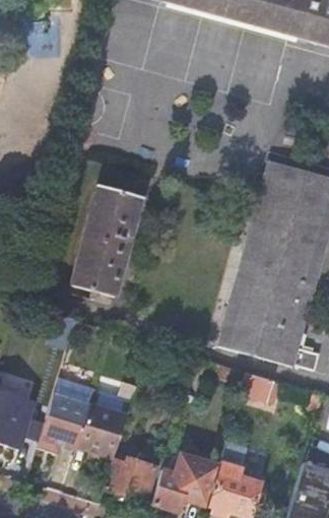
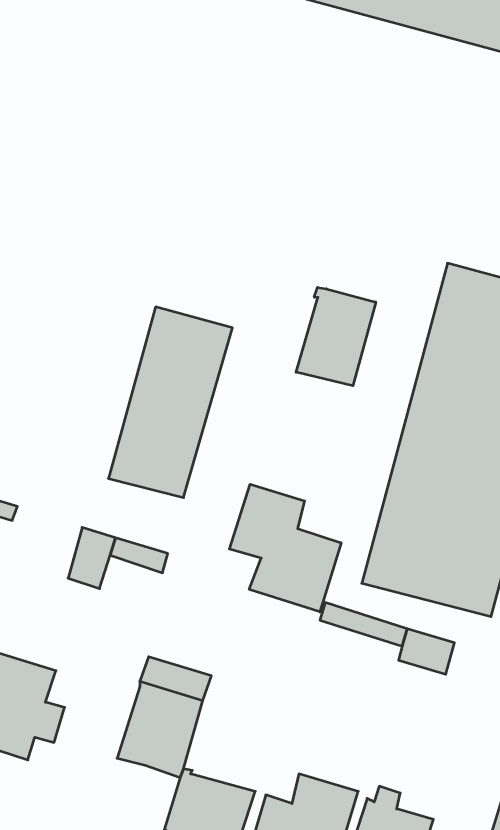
building: none -> [296,287,376,386]
building: none -> [229,484,341,612]
building: [40,394,89,449] -> none

